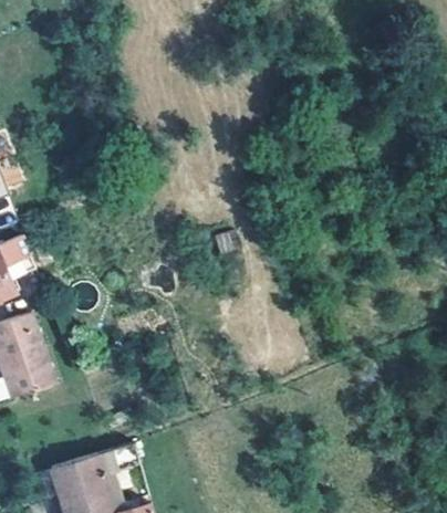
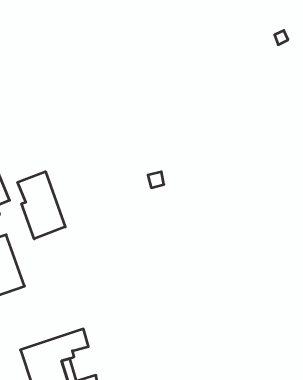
building: none -> [18,172,65,239]

